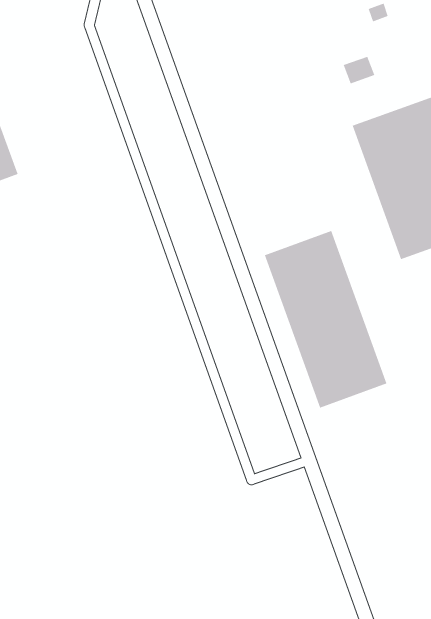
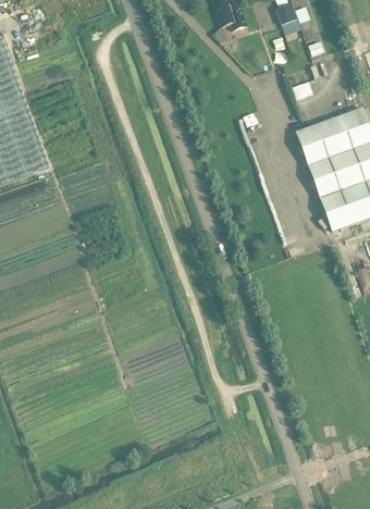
building: [264,230,387,409] -> none

